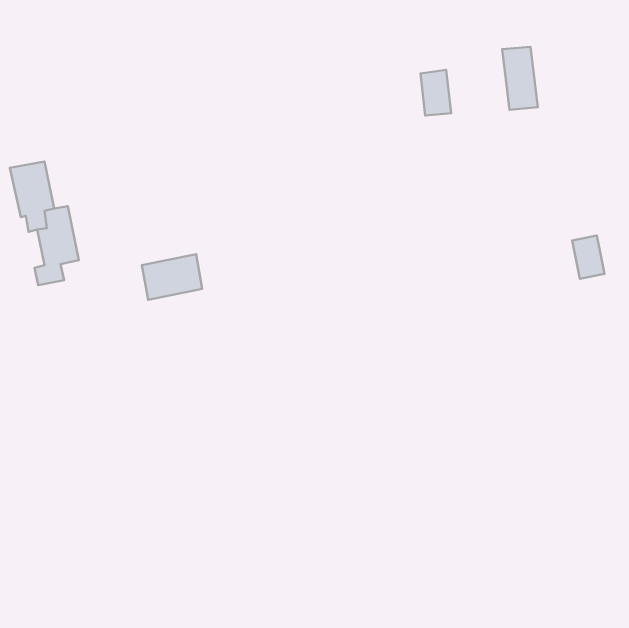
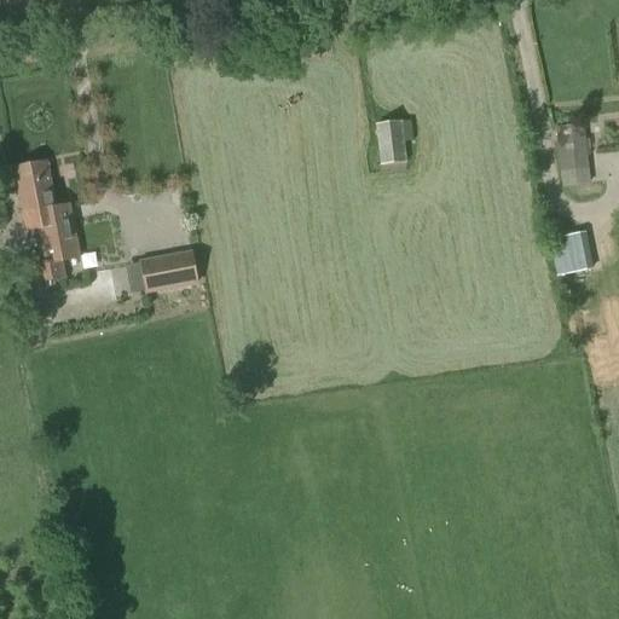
building: [502,47,538,110] -> [556,123,591,185]
building: [420,70,451,115] -> [376,120,406,164]

